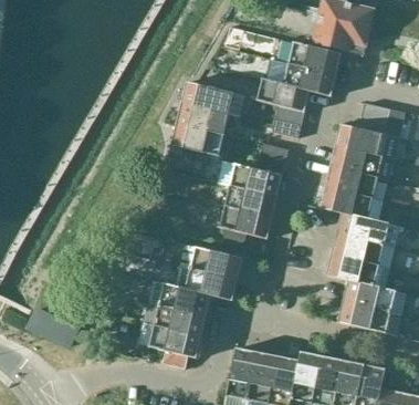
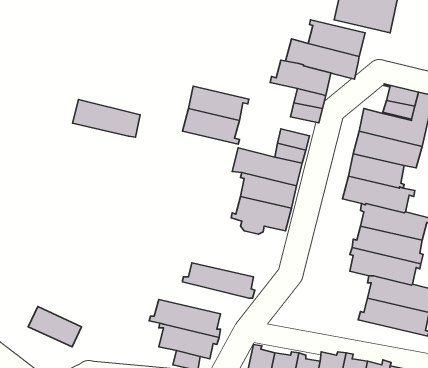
building: [181,81,244,116] -> [73,99,140,137]
building: [180,243,247,281] -> none
building: [149,279,216,315] -> none

